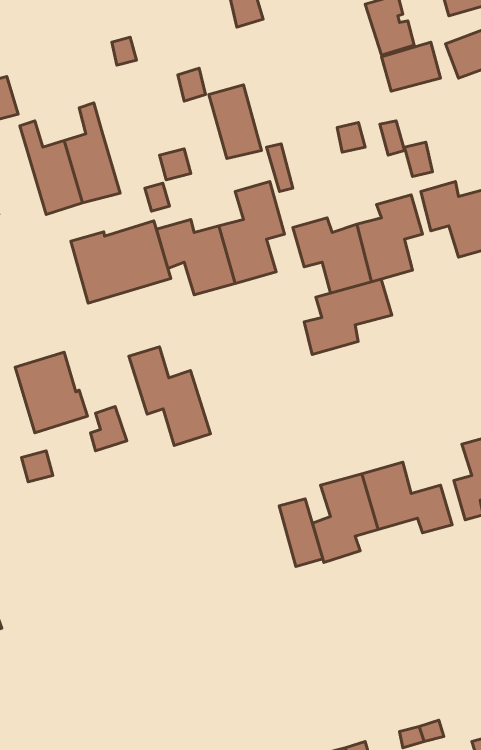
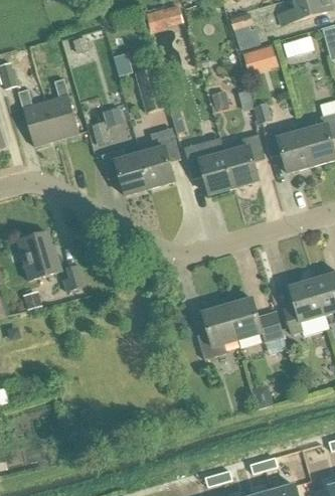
building: [71,221,171,303] -> none
building: [304,279,392,354] -> none
building: [129,347,210,445] -> none
building: [279,499,323,567] -> none

